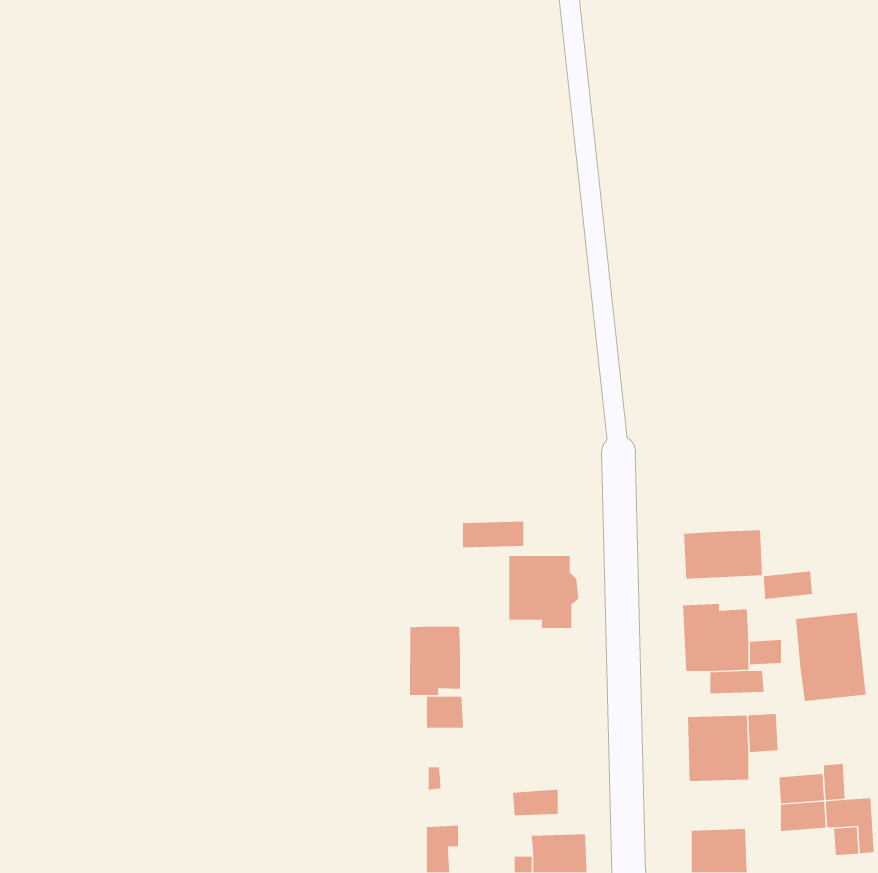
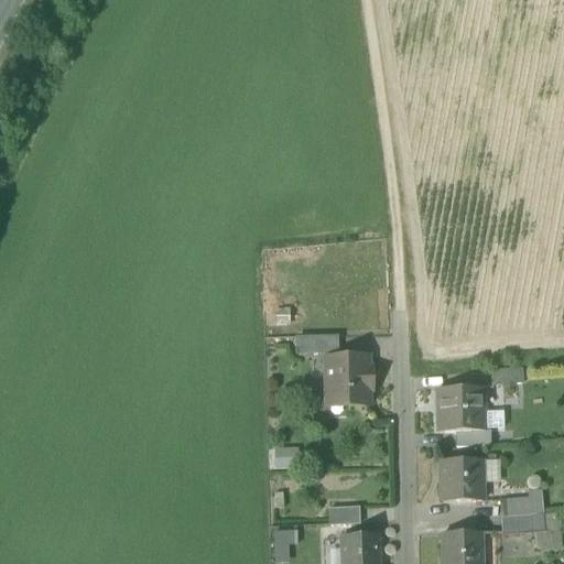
building: [683,530,763,579] -> none
building: [795,612,867,702] -> none
building: [409,626,461,696] -> none

